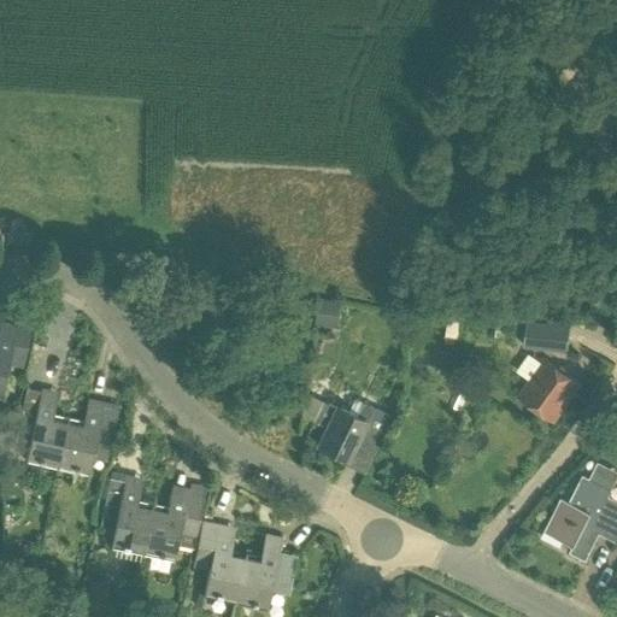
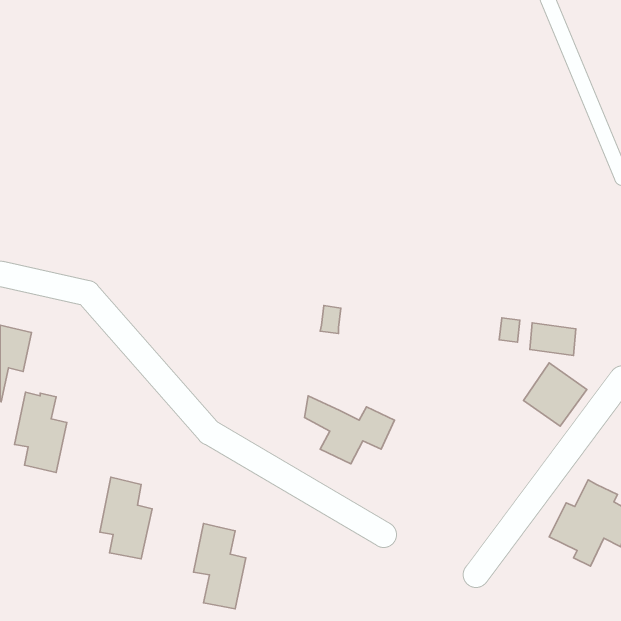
building: [57,399,119,474] -> none
building: [141,482,208,560] -> none
building: [234,534,298,609] -> none

